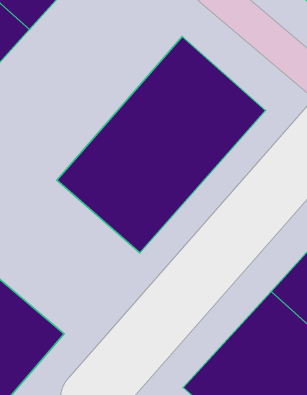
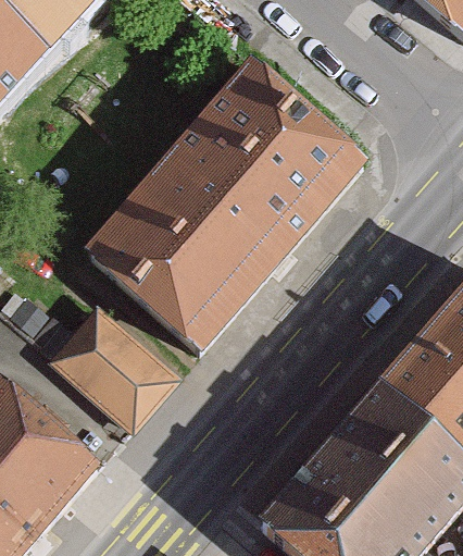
building: none -> [53,314,175,433]

